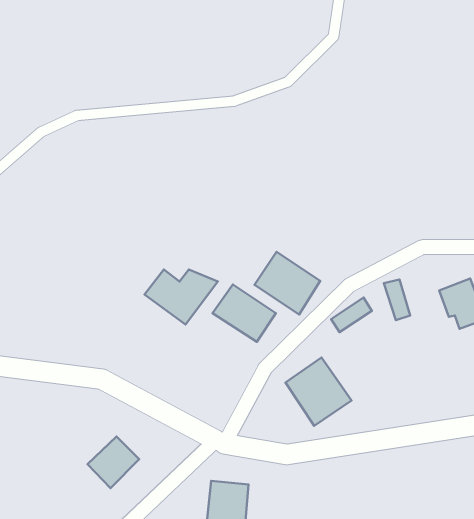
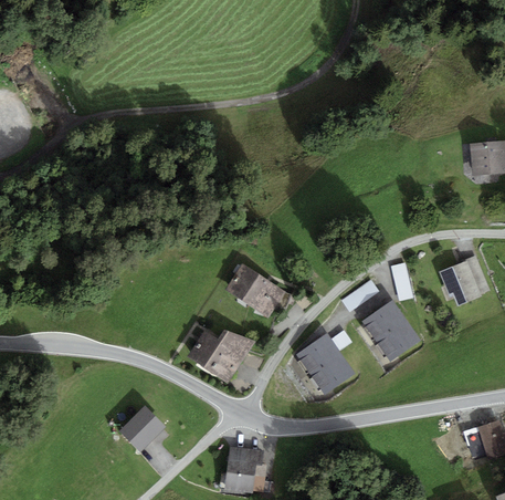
building: [254,252,320,314] -> none
building: [145,269,218,325] -> [191,331,259,382]
building: none -> [357,296,417,360]

